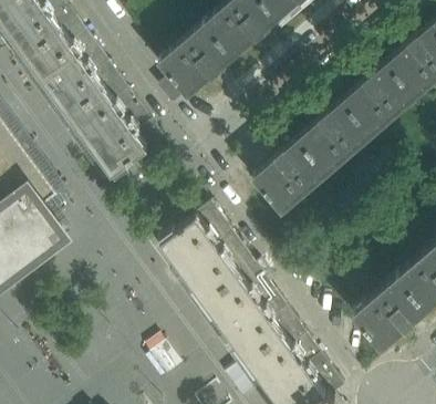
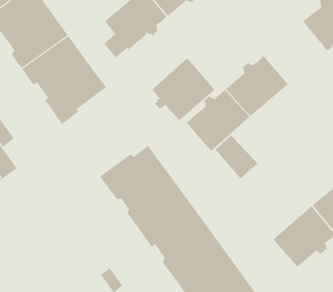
building: [344,64,417,136] -> none
building: none -> [151,58,215,122]
building: none -> [215,135,258,179]

